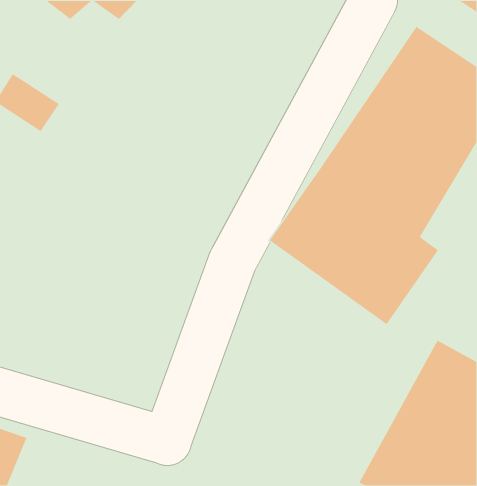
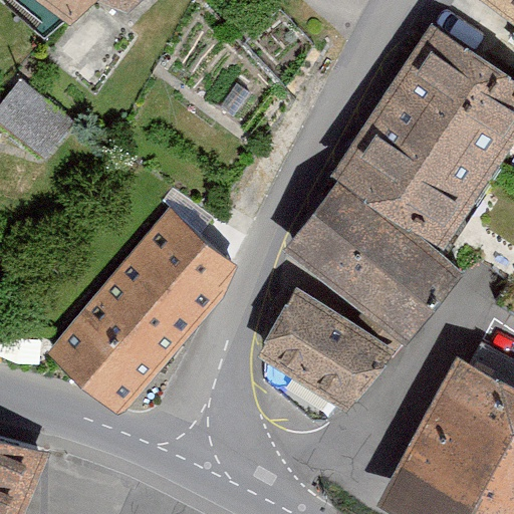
building: none -> [56,215,239,410]
building: none -> [256,296,394,409]

